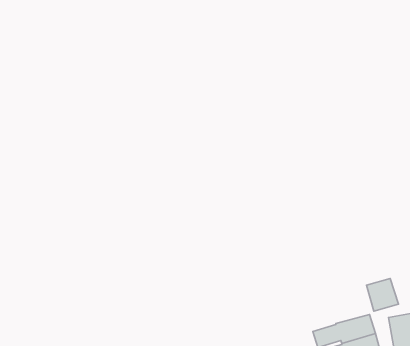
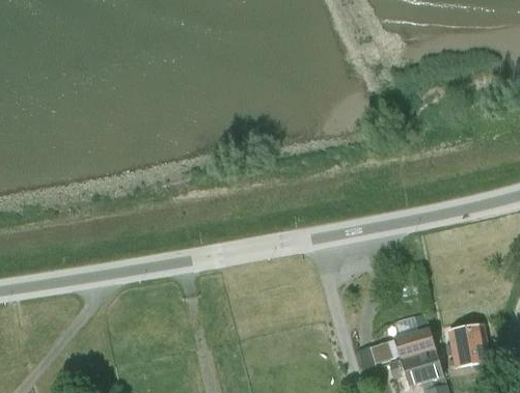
building: [366,278,398,311] -> none

